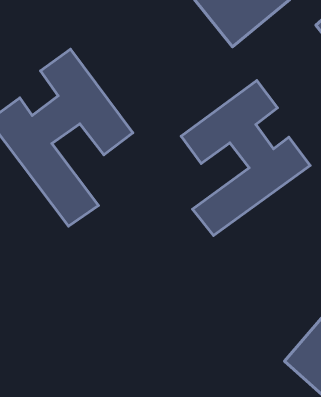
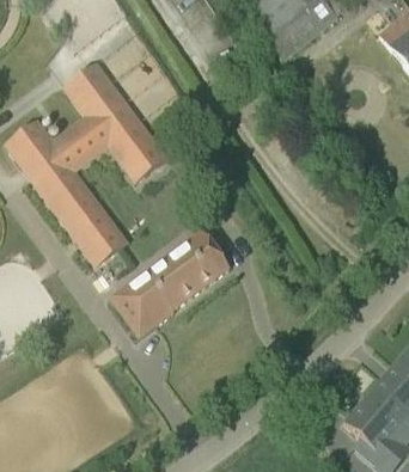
building: [181,80,310,236] -> none
building: none -> [106,227,230,337]

